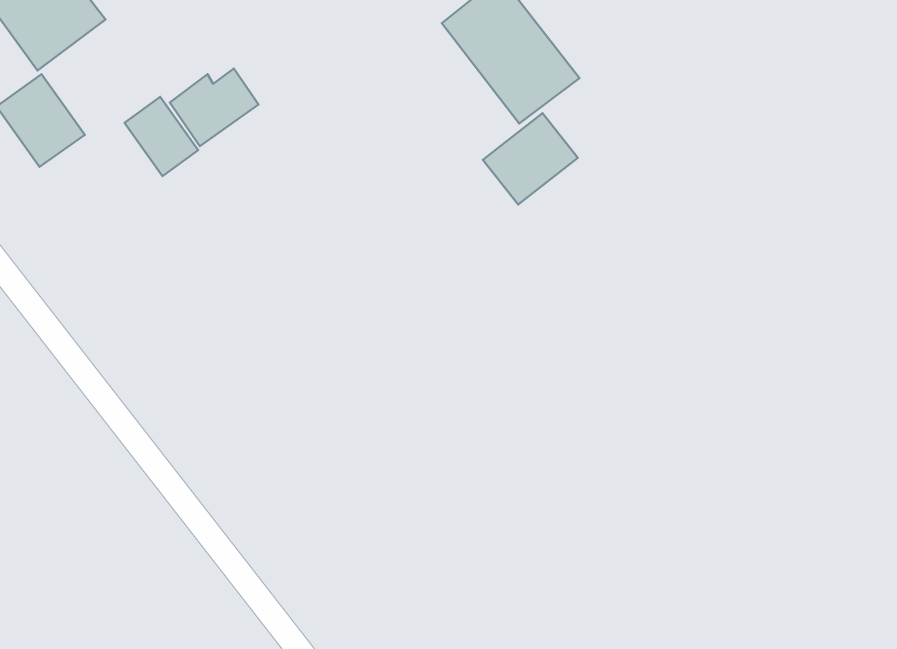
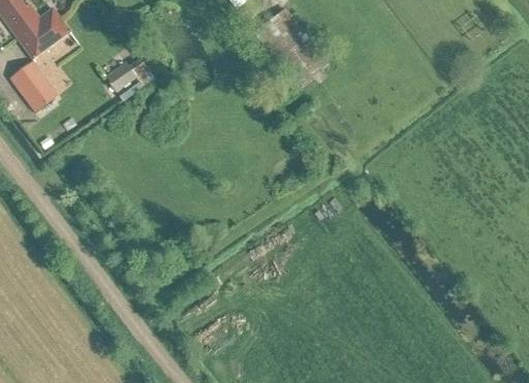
building: [124,97,198,176] -> none
building: [483,113,578,204] -> none

